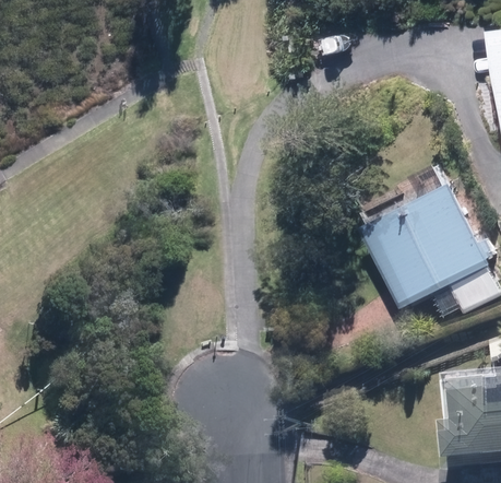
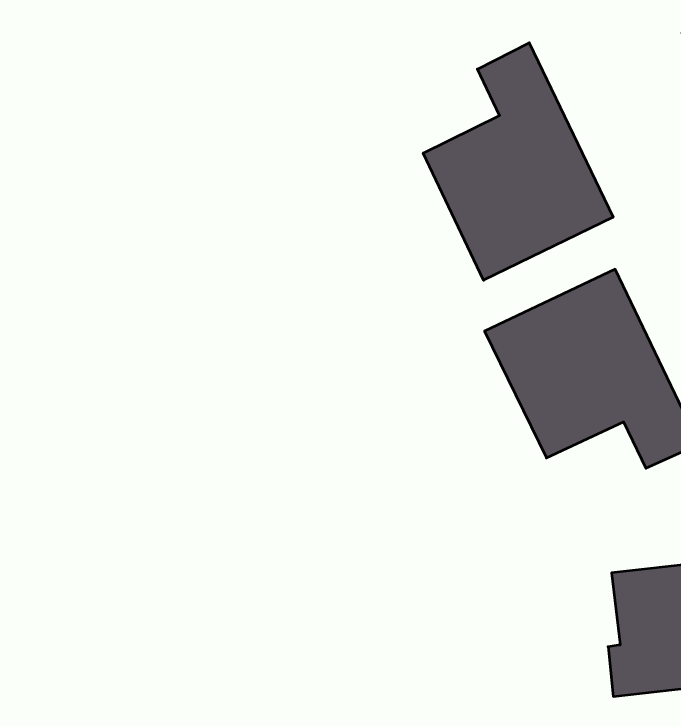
building: none -> [423,43,613,280]

